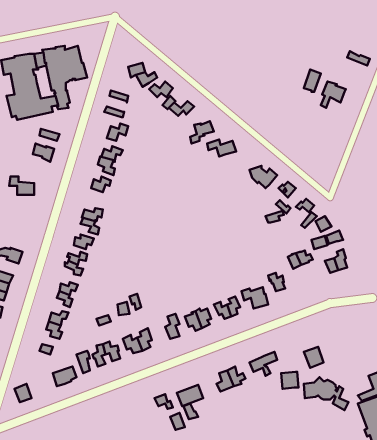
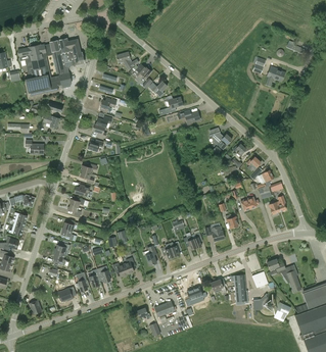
building: none -> [267,259,301,293]

